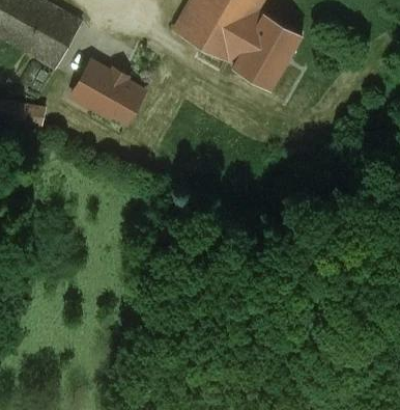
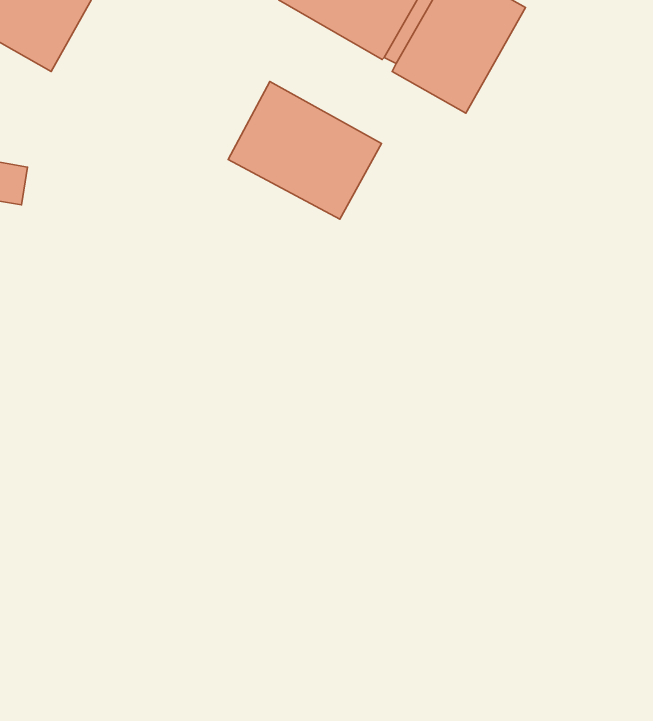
building: [64,58,144,130] -> [228,82,382,219]

